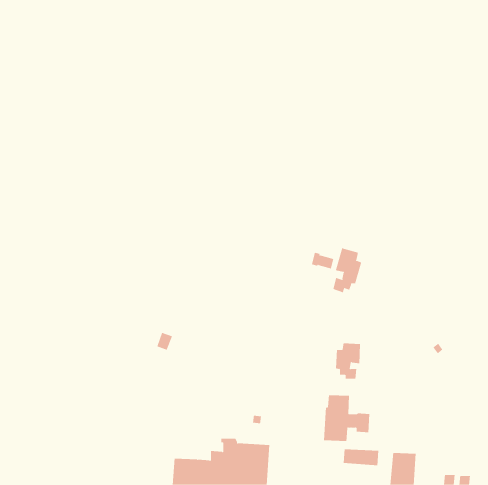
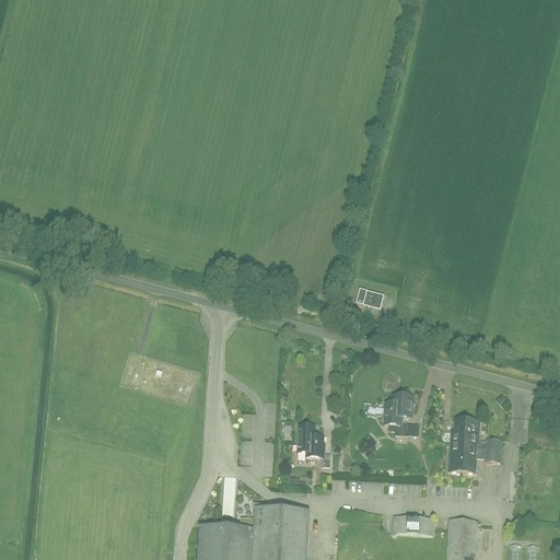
building: [333,248,362,293] -> none
building: none -> [296,424,330,466]
building: [323,395,370,441] -> [448,418,502,471]

